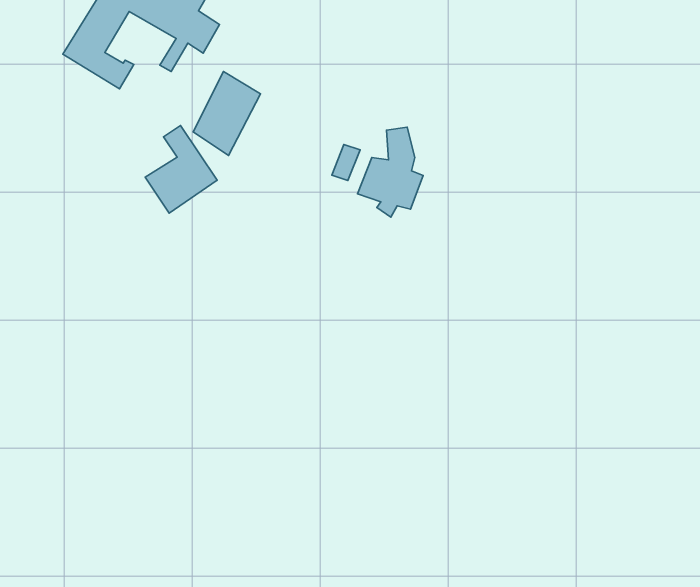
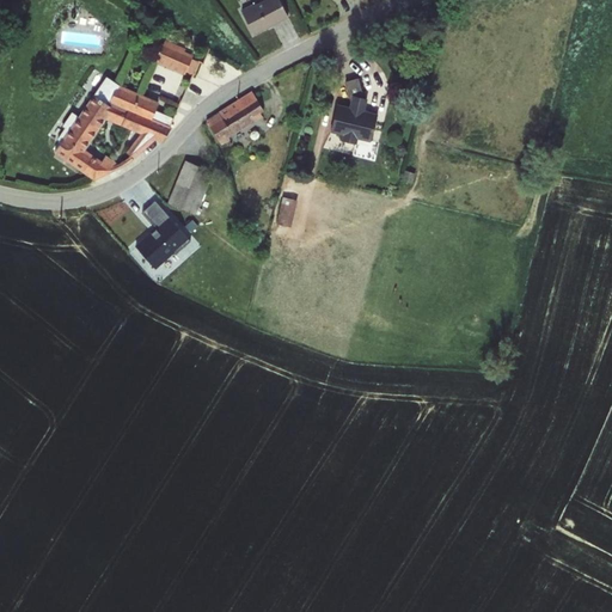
building: none -> [206,96,267,147]
building: [357,127,423,217] -> [328,78,377,149]

